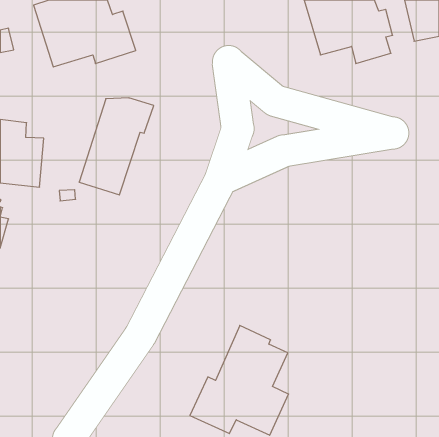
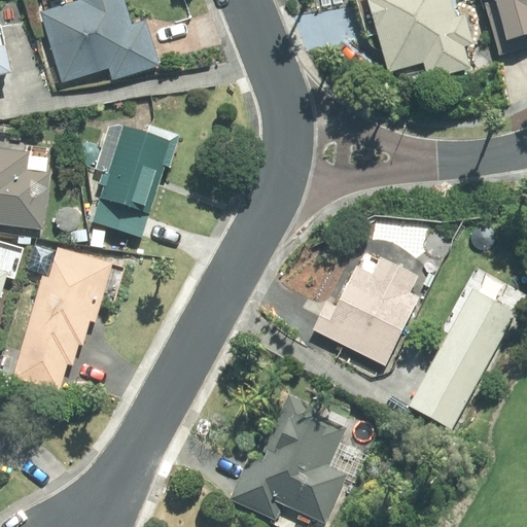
building: none -> [14,242,116,390]
building: none -> [310,256,417,366]
building: none -> [408,286,514,427]

